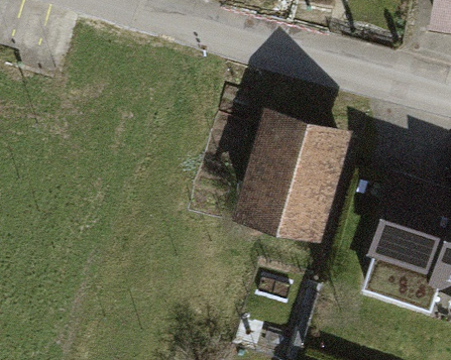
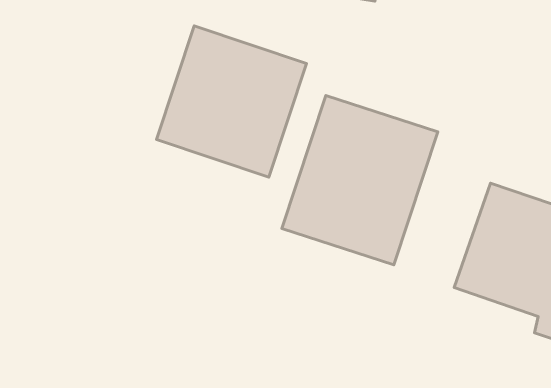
building: none -> [156,26,307,177]

